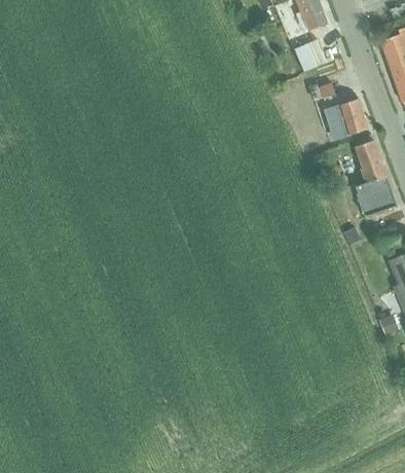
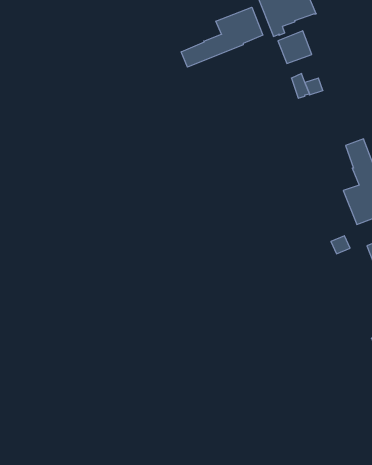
building: none -> [181,7,263,67]
building: [318,97,367,142] -> none

